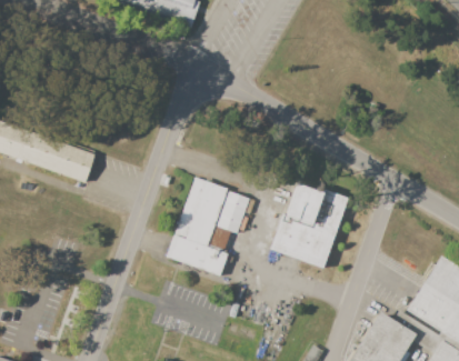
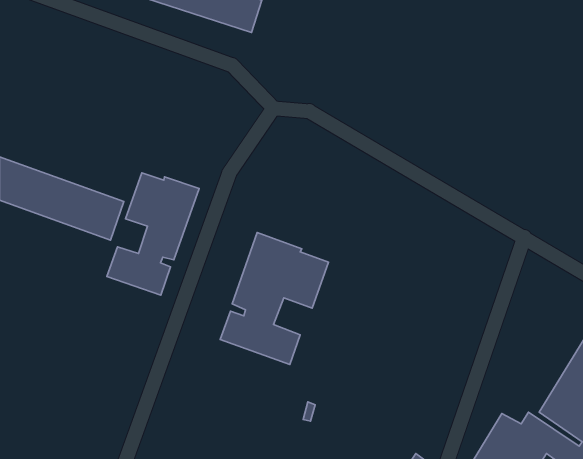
building: none -> [107,173,199,295]
building: [270,178,350,269] -> none

